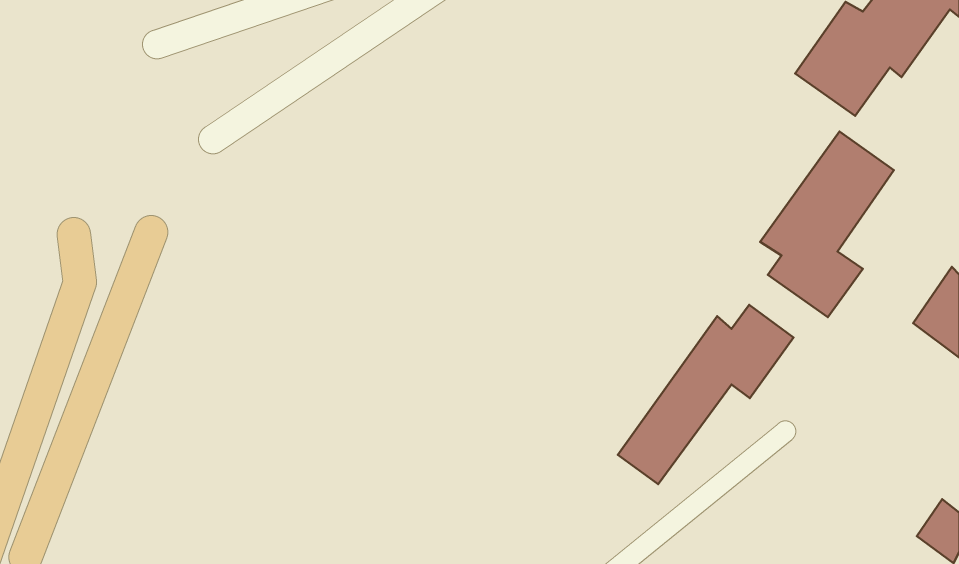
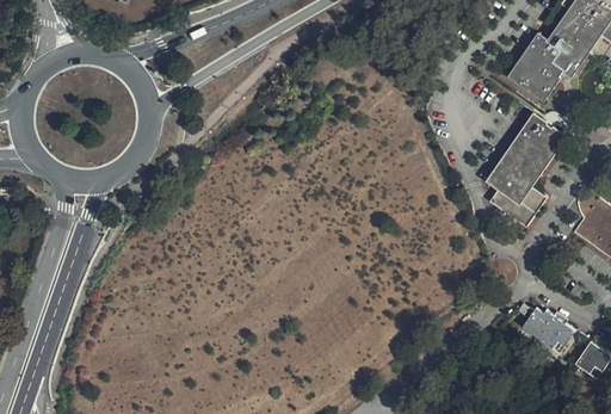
building: [618,305,793,484] -> none
building: none -> [527,305,580,352]

